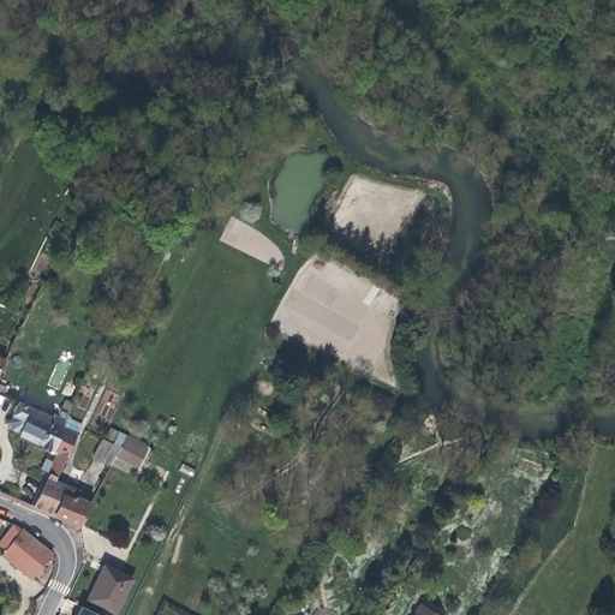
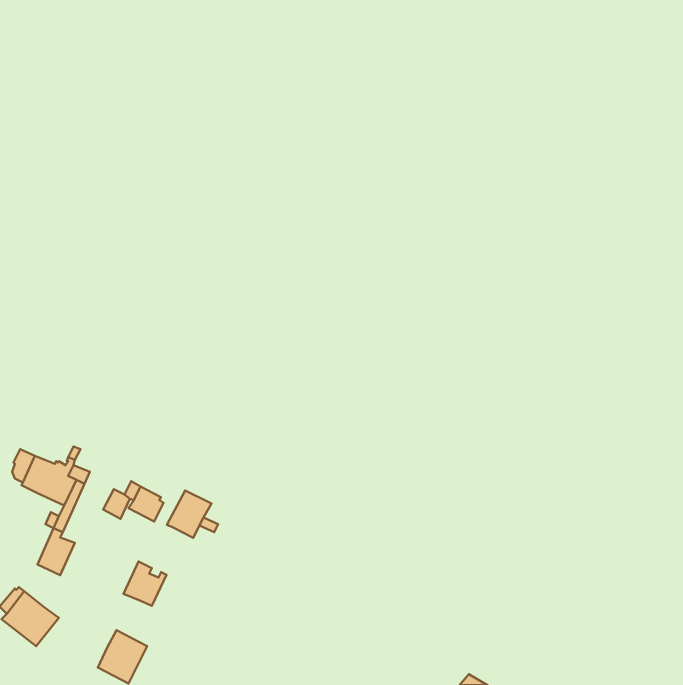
building: none -> [167,490,211,538]
building: [55,486,94,526] -> [124,562,167,606]

